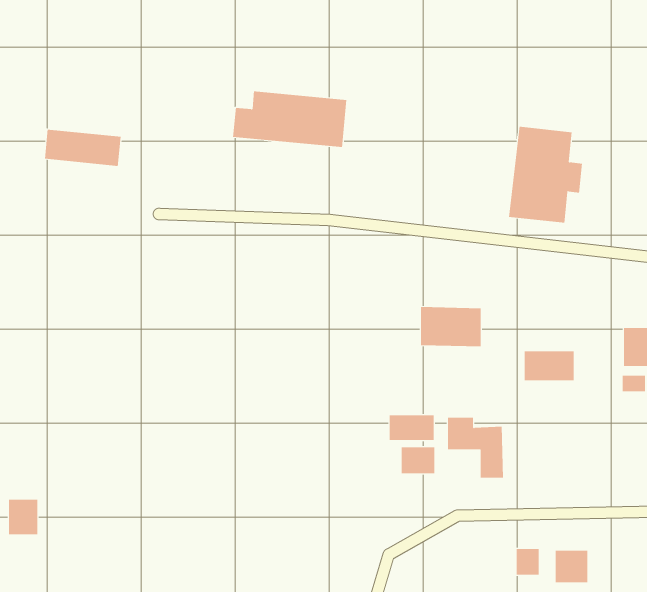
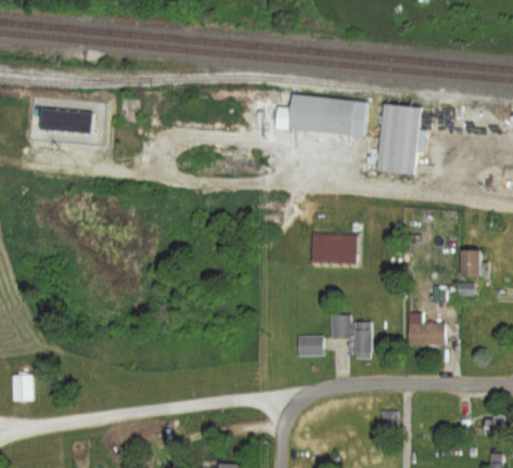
building: [232,91,347,148] -> [274,92,358,133]
building: [524,351,575,381] -> [408,323,445,344]
building: [389,415,434,441] -> none
building: [555,550,588,583] -> none

